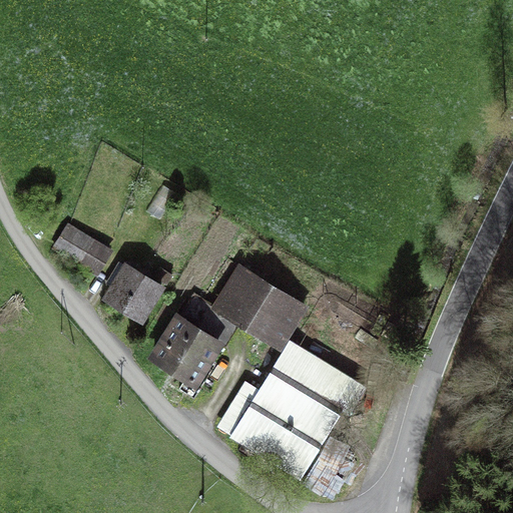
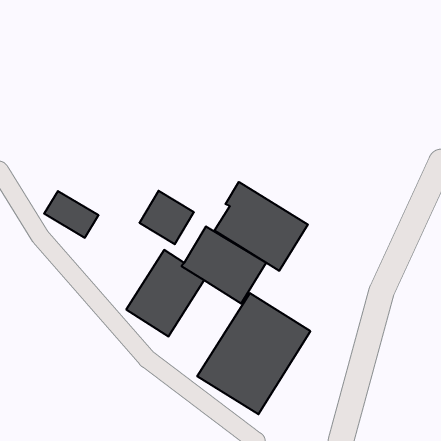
building: none -> [214,182,308,271]
building: [101,262,164,324] -> [139,191,194,244]

